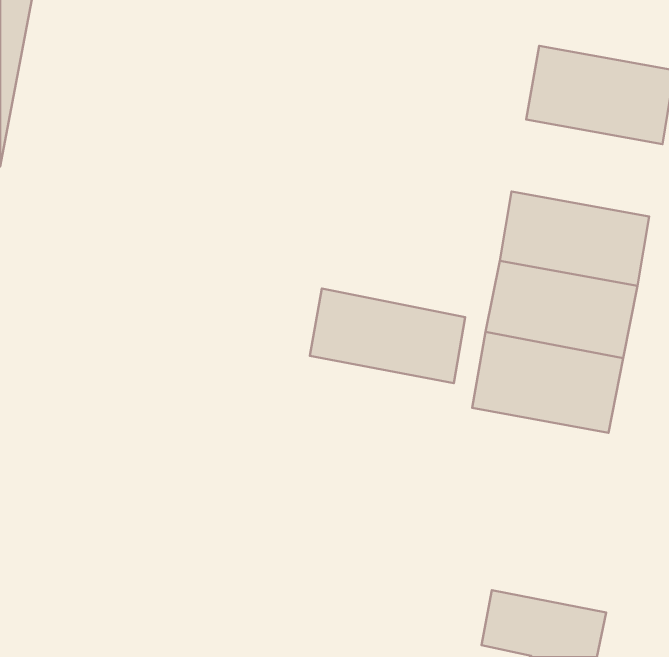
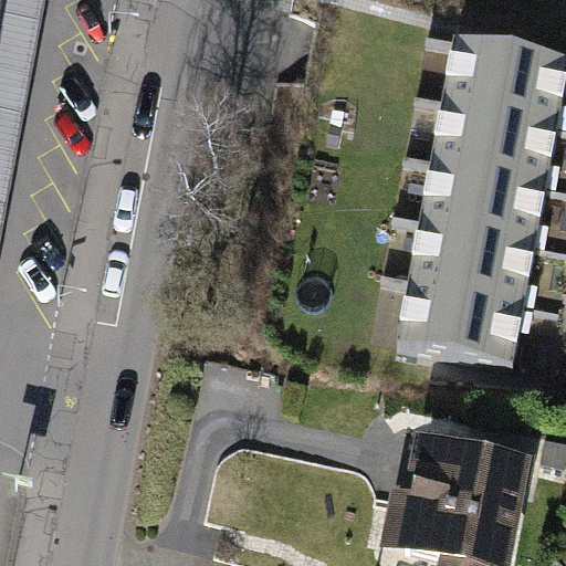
building: none -> [432,101,559,182]
building: [310,289,465,383] -> none
building: none -> [416,438,528,516]

